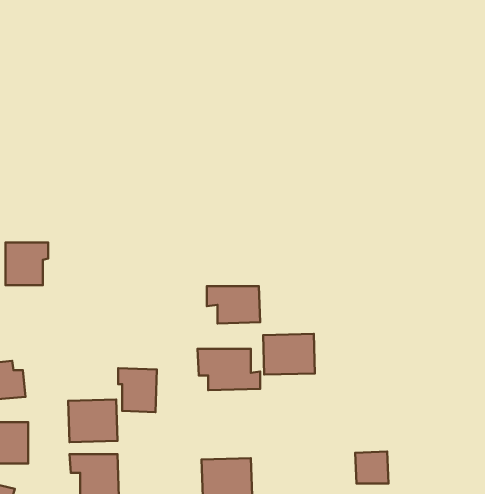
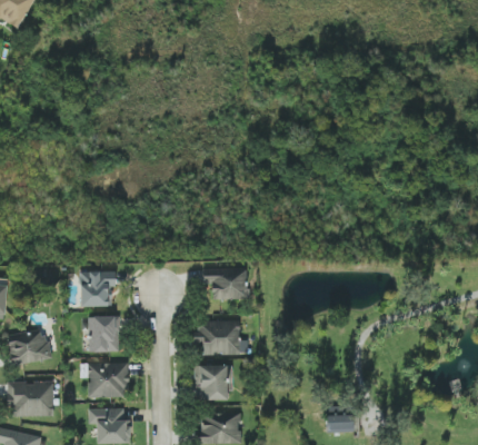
building: [6,242,48,285] -> [80,270,116,306]
building: [263,334,315,375] -> none
building: [118,368,157,412] -> [88,315,120,352]
building: none -> [196,364,232,399]

